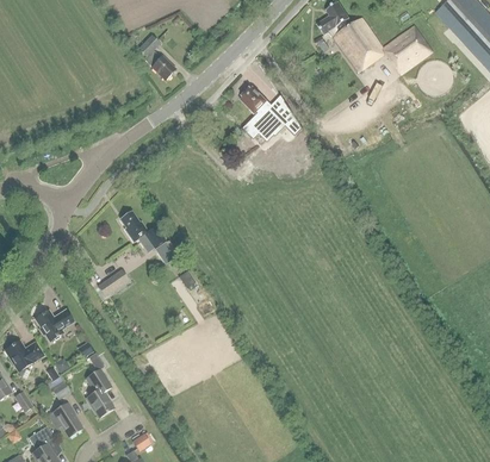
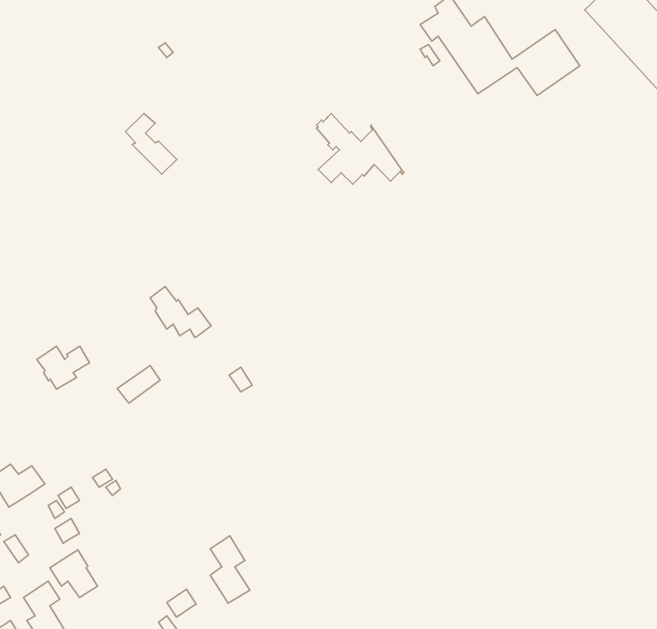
building: [138,35,175,79] -> [126,113,177,174]
building: [35,308,73,339] -> [37,346,90,389]
building: [86,368,114,417] -> [210,536,250,603]

